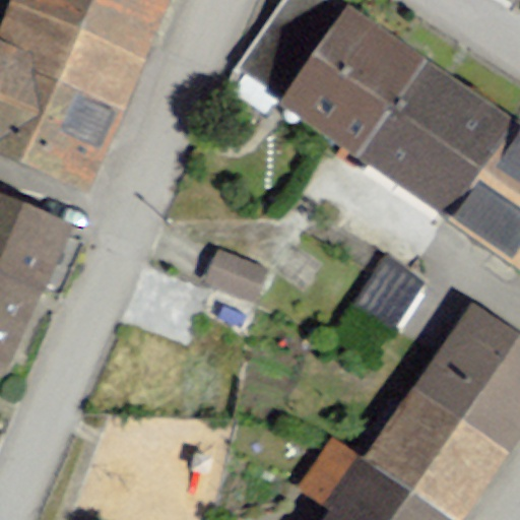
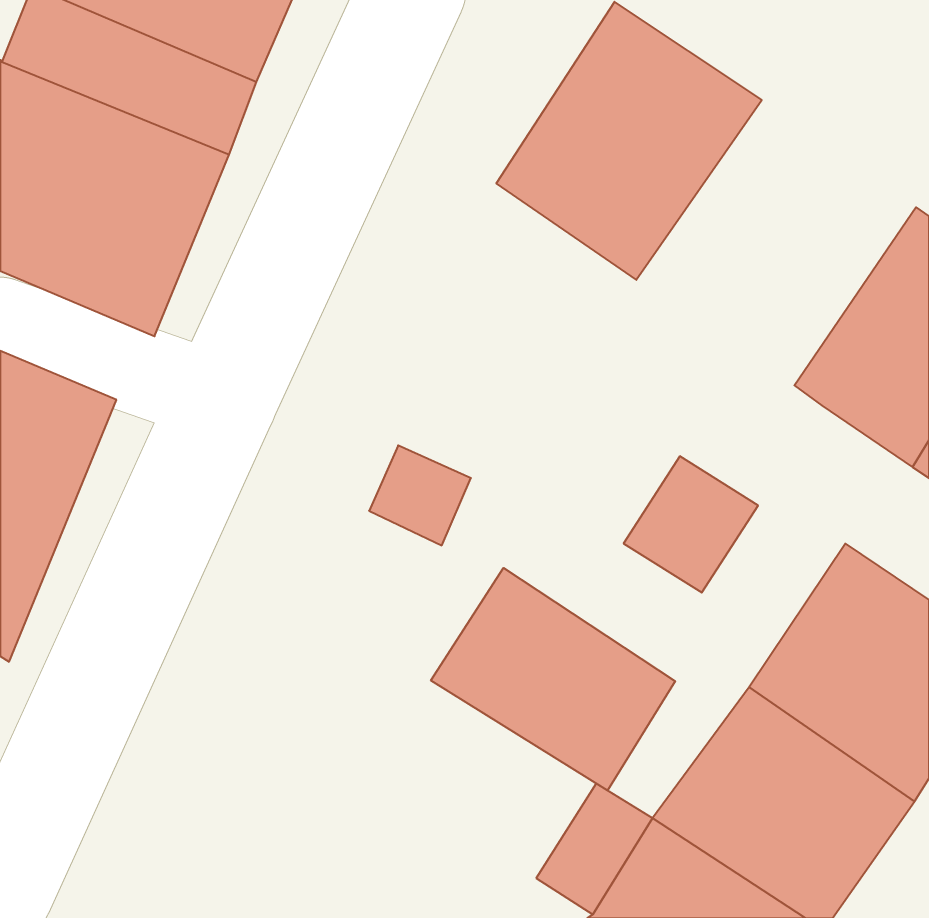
building: [355,56,512,215] -> none
building: none -> [431,568,675,790]

